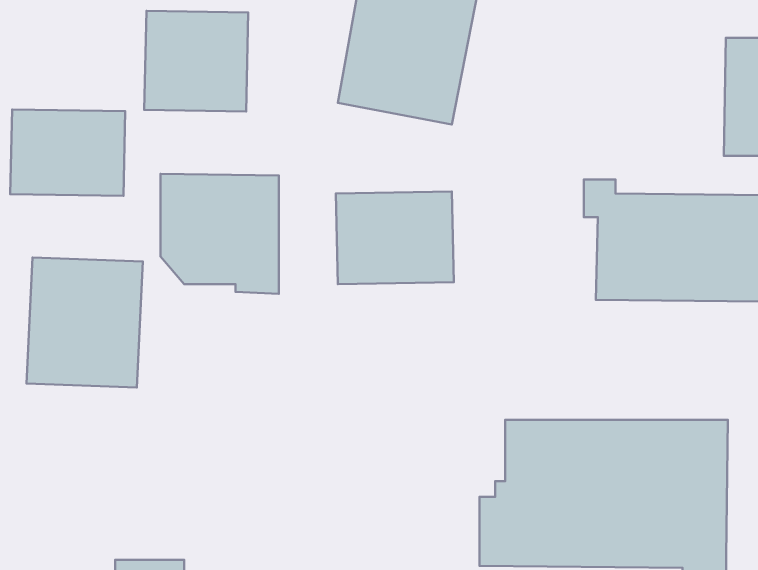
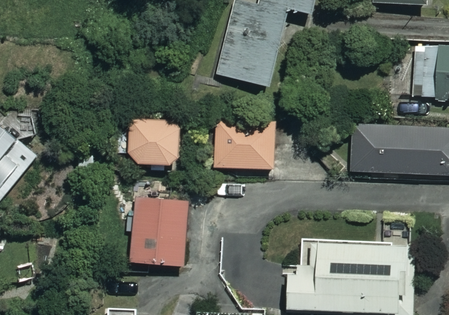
building: [144,11,248,112] -> none
building: [10,109,125,196] -> none
building: [27,257,143,387] -> [131,200,190,266]

